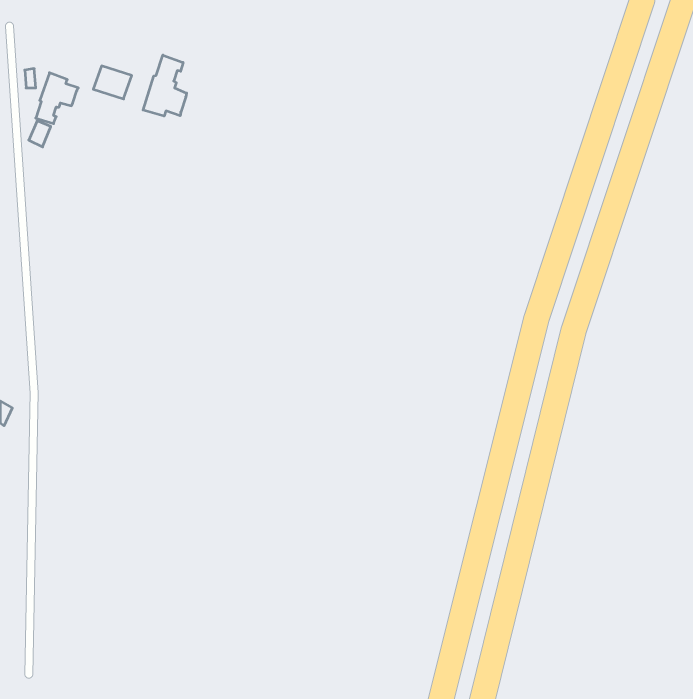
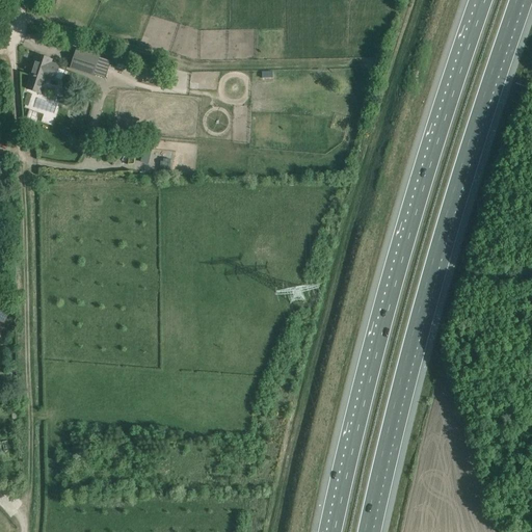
building: [143,55,187,116] -> none

